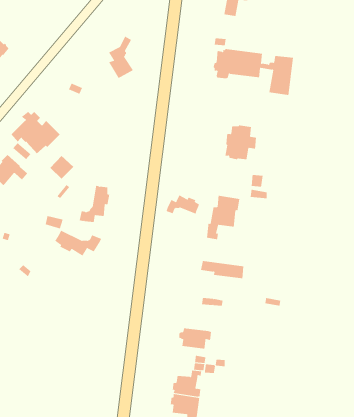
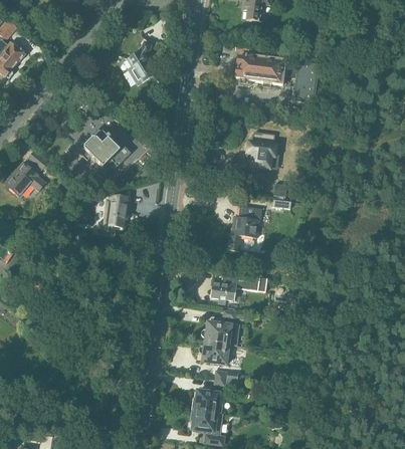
building: [11,111,60,154] -> [79,128,131,172]
building: [166,195,200,215] -> none
building: [54,230,102,256] -> none
building: none -> [211,280,235,303]
building: none -> [201,321,239,345]

